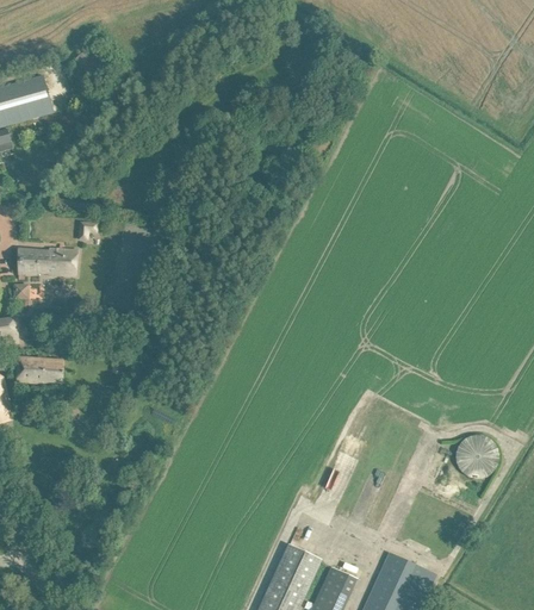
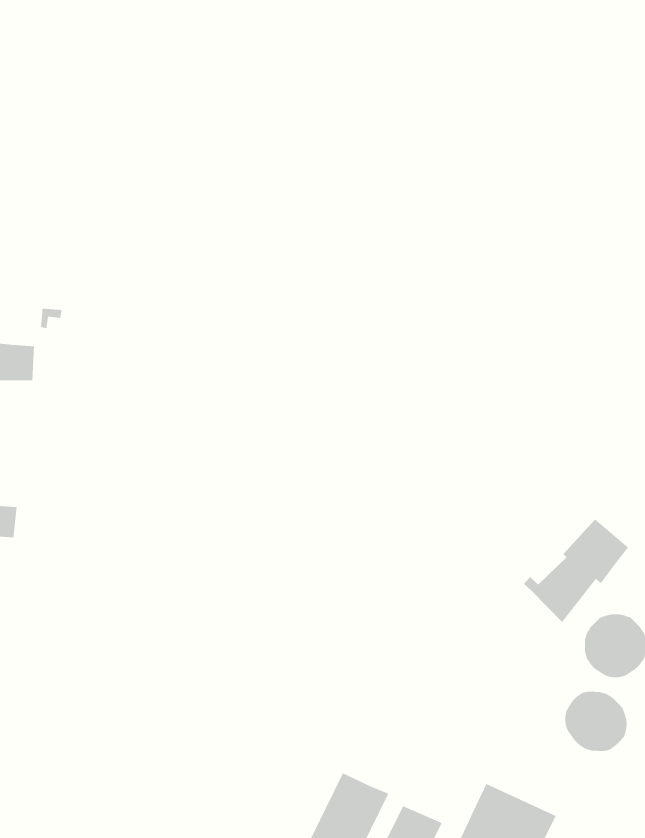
building: none -> [523,519,629,623]
building: none -> [565,691,627,752]

